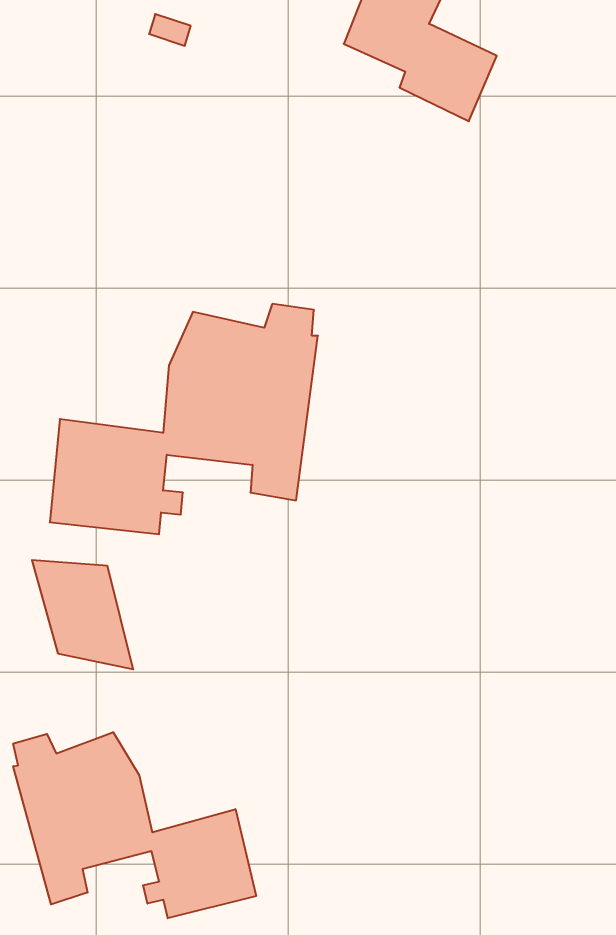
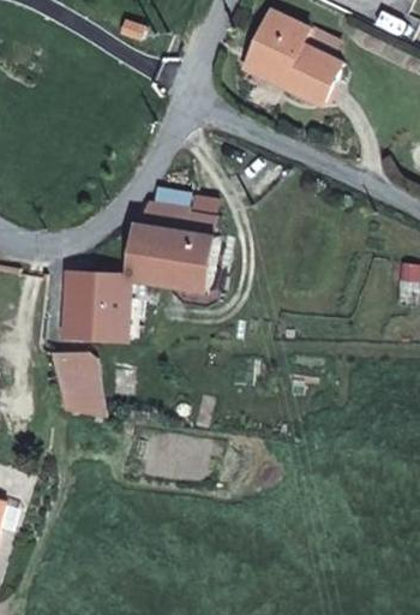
building: [13,732,256,918] -> none

